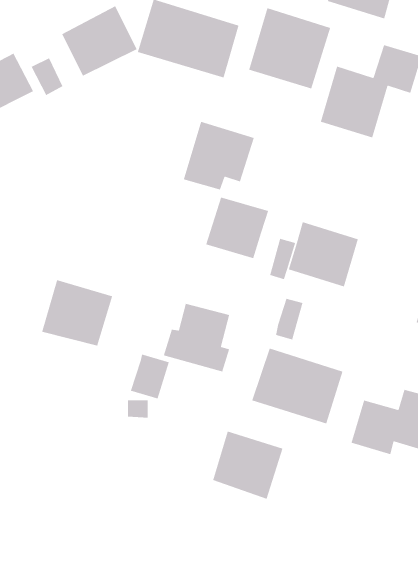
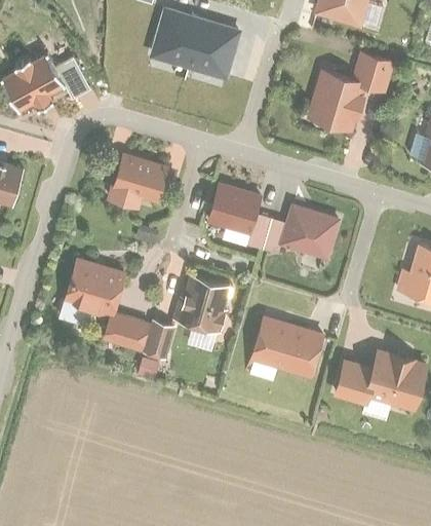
building: [61,5,138,77] -> none
building: [248,7,331,90] -> none
building: [183,121,255,191] -> [107,150,169,211]
building: [275,298,303,340] -> [247,214,272,251]
building: none -> [106,312,151,351]
building: [212,430,283,500] -> none

